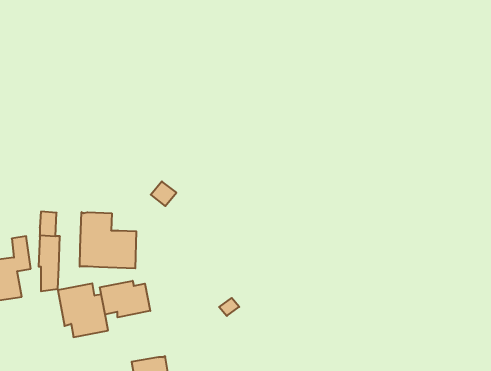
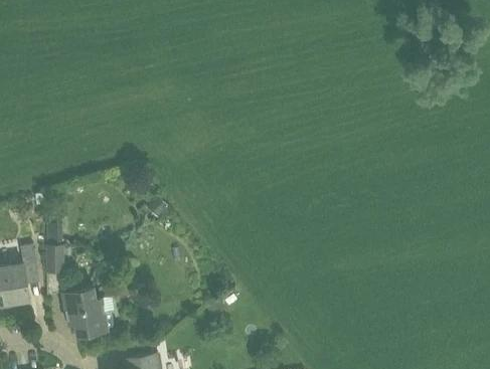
building: [80,212,136,268] -> none
building: [100,281,150,317] -> none

